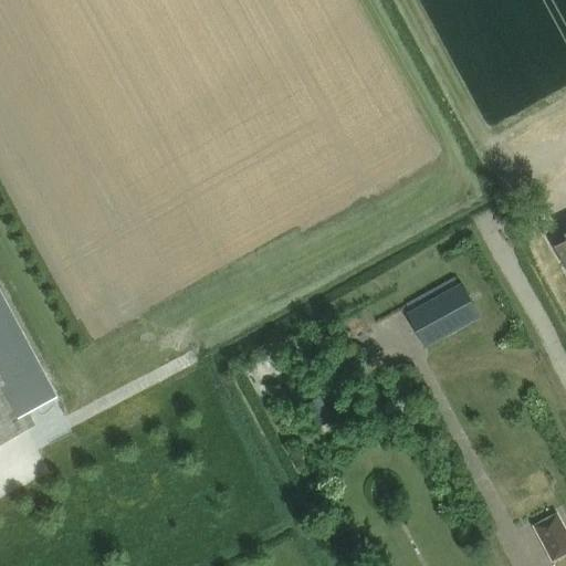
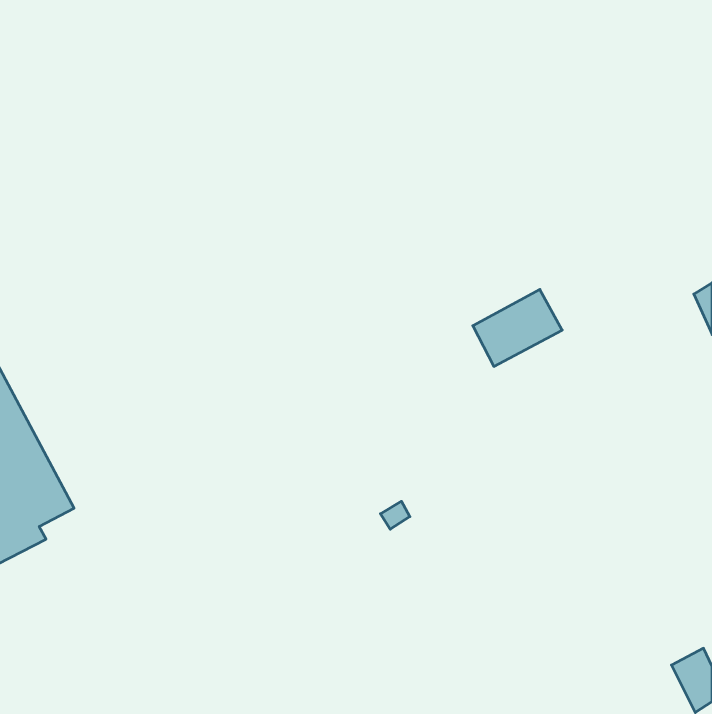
building: [408,283,479,344] -> [473,289,562,366]

